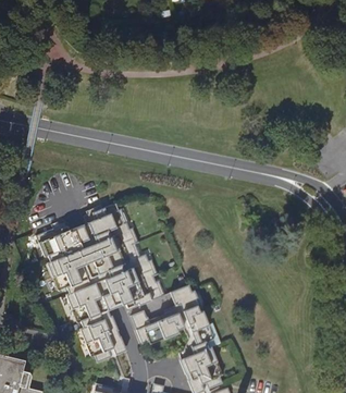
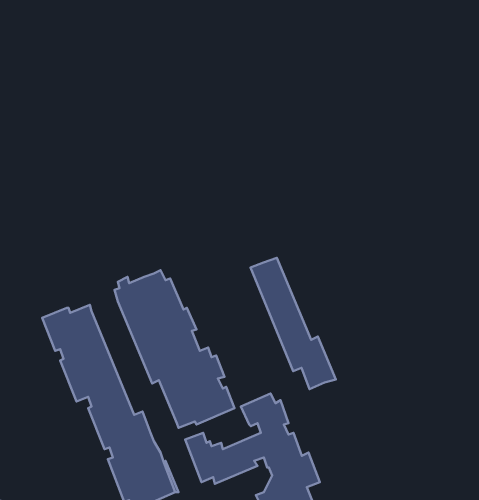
building: [70,223,126,310] -> [250,258,336,389]

